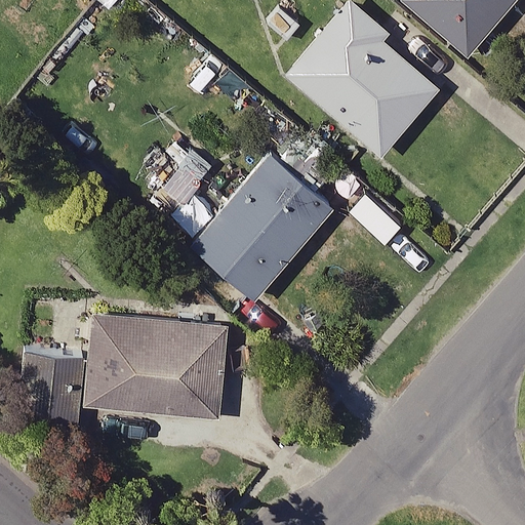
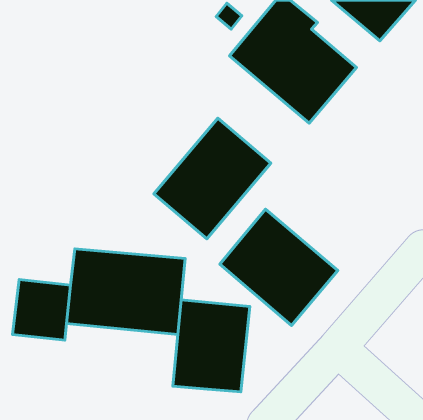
building: none -> [220,209,338,325]
building: none -> [173,300,250,392]

